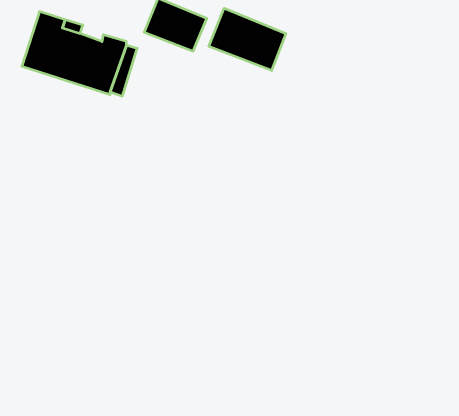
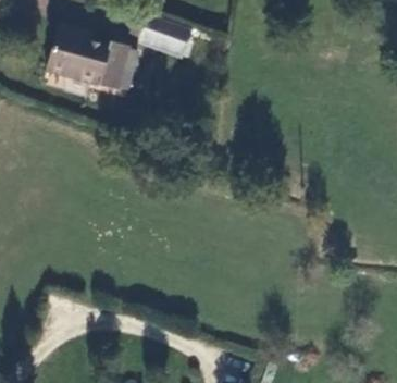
building: [209,8,286,71] -> none

